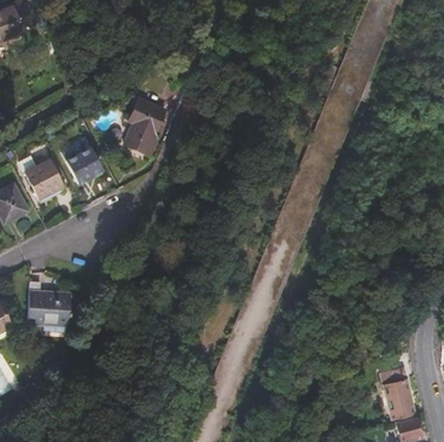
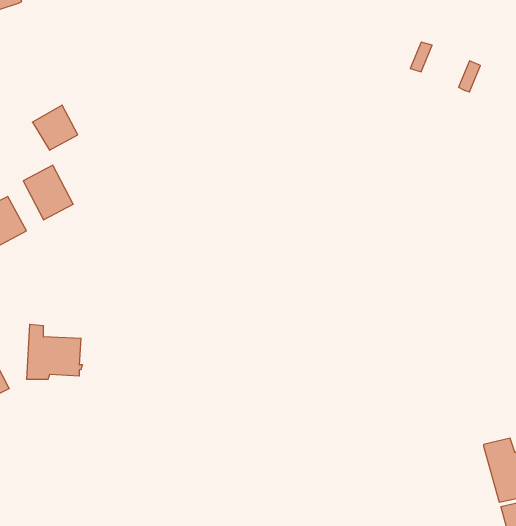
building: [125,99,165,155] -> none
building: [66,147,101,182] -> [32,105,78,150]

